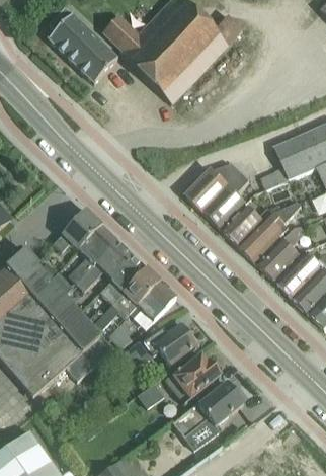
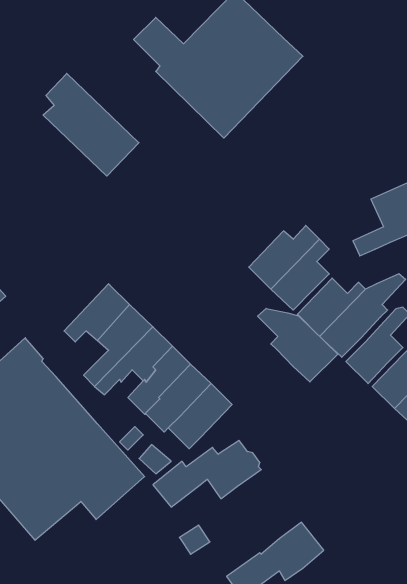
building: [48,6,117,81] -> [43,73,139,176]
building: none -> [258,308,338,382]
building: [164,353,222,403] -> none

